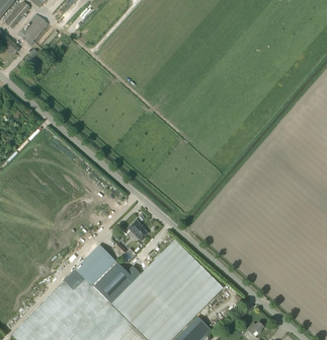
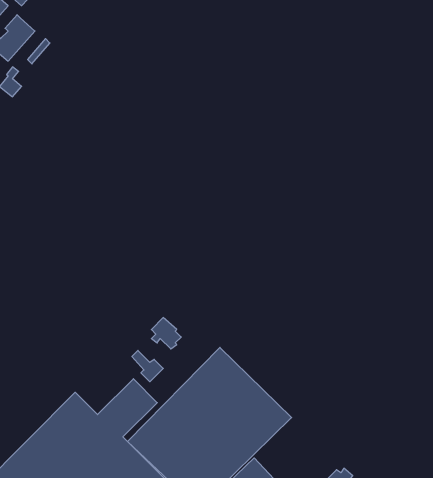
building: [74,246,114,286] -> none

